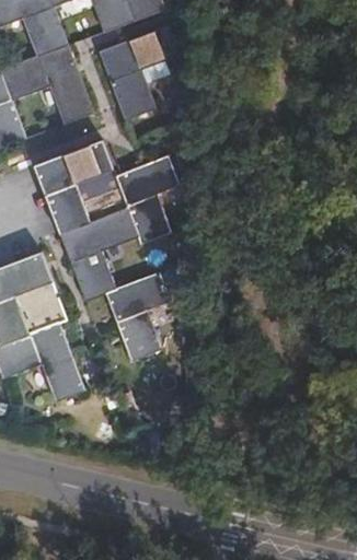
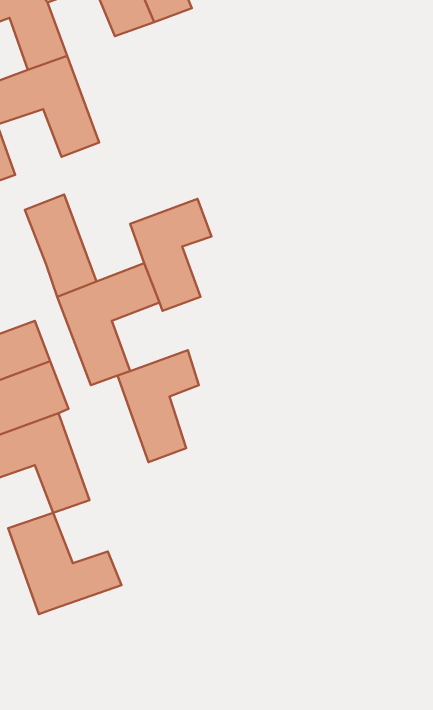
building: [100,25,178,119] -> none
building: [65,140,127,221] -> none
building: none -> [8,513,121,614]

